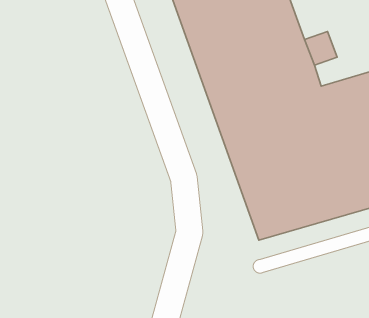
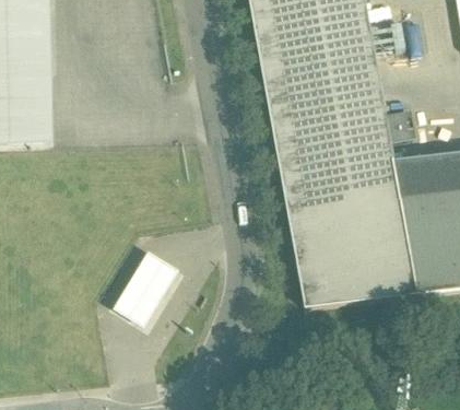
building: none -> [113,255,178,329]

